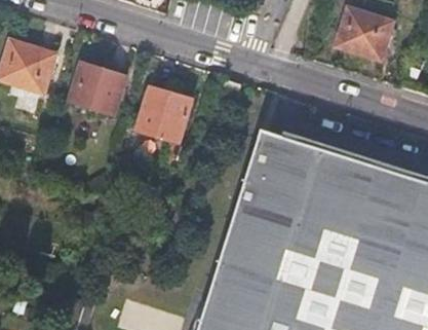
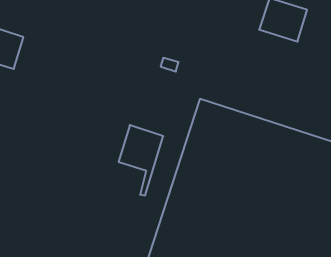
building: [70,60,125,113] -> none
building: [138,84,191,169] -> [119,125,163,195]

